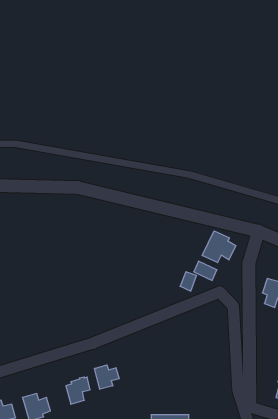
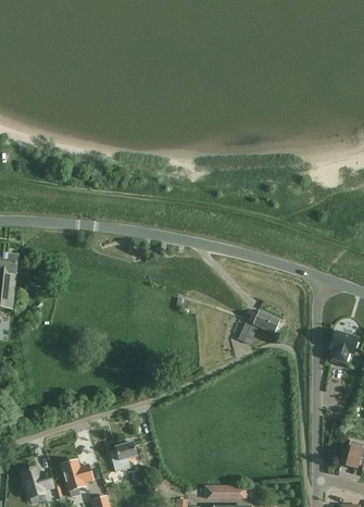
building: [202,231,236,263] -> none
building: [95,365,119,389] -> none

